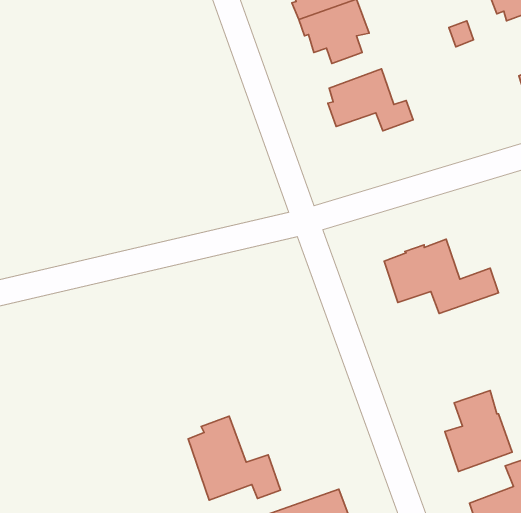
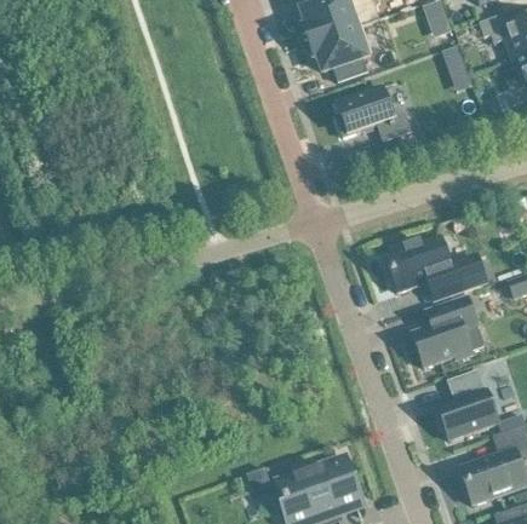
building: none -> [412,296,485,368]
building: [188,416,281,500] -> none

